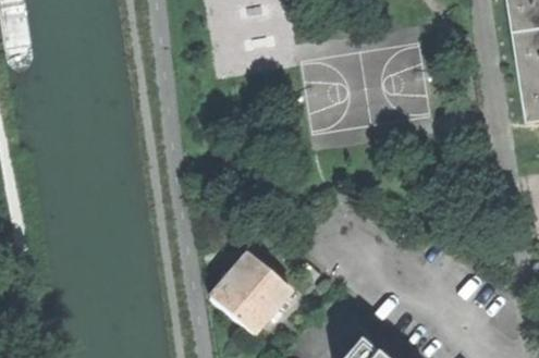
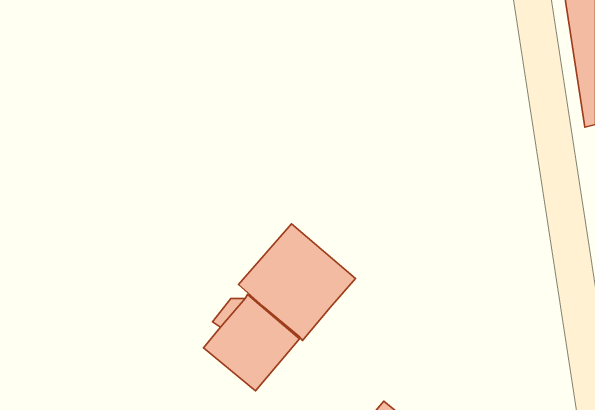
building: none -> [238,224,355,340]

